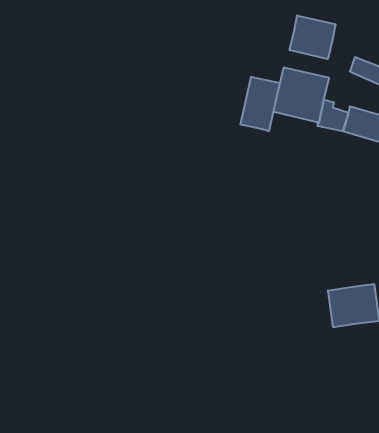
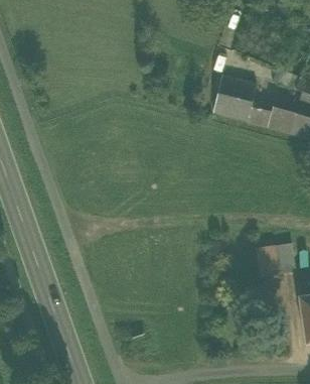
building: [290,15,336,59] -> none
building: [241,77,280,131] -> none

